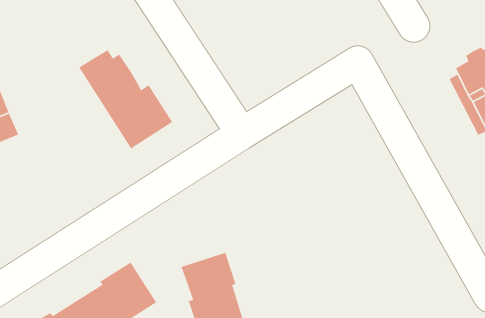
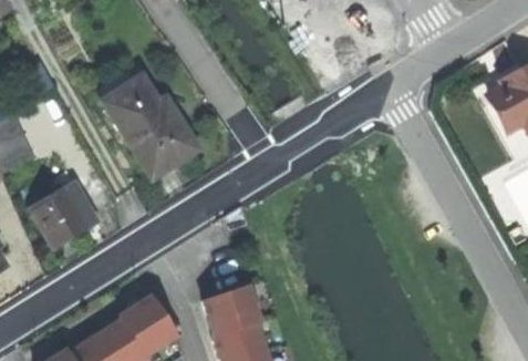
building: none -> [30,183,87,247]

